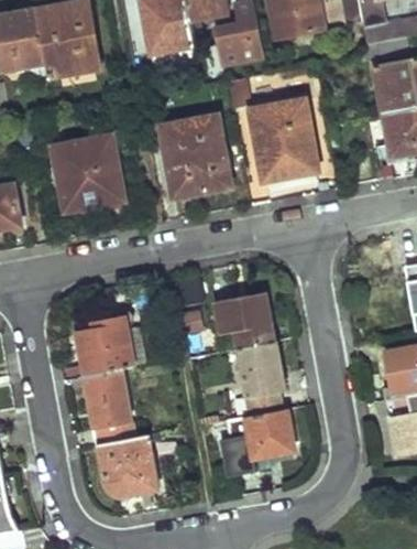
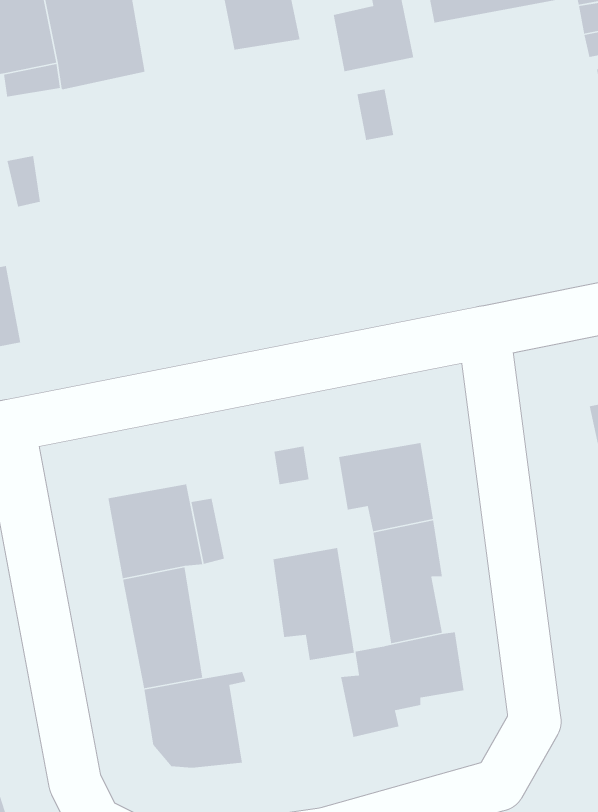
building: [251,99,317,180] -> none
building: [160,116,230,197] -> none
building: [53,133,123,208] -> none
building: none -> [272,547,355,661]

